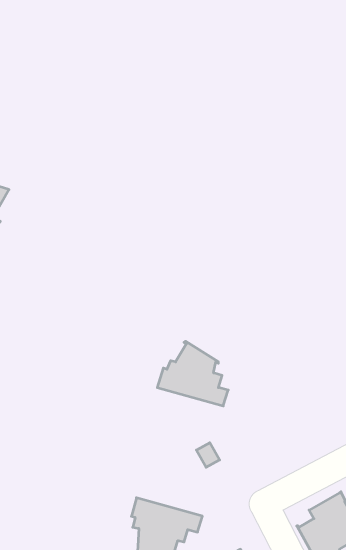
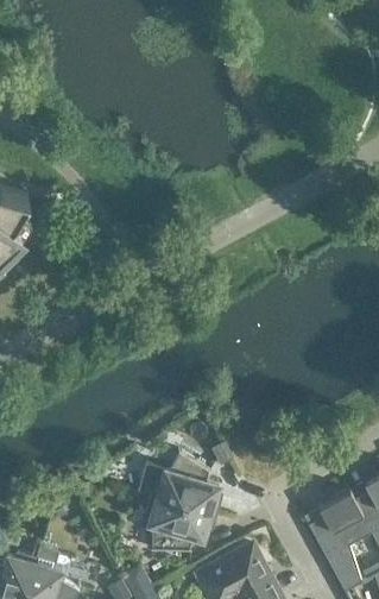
building: [157,341,228,406] -> [154,453,223,516]

